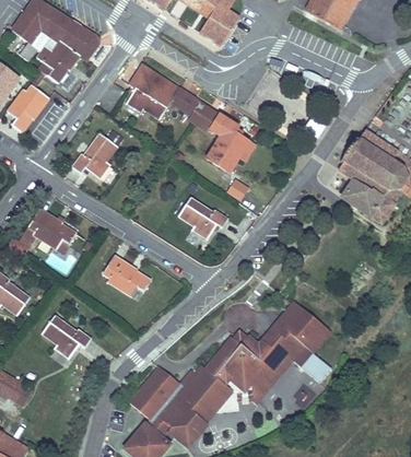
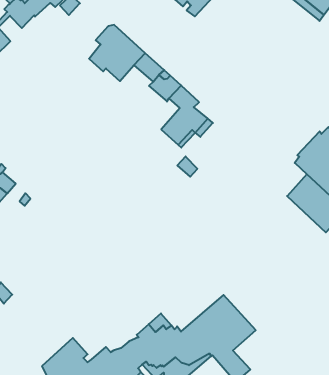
building: [72,132,118,177] -> none
building: [178,195,230,237] -> none
building: [103,255,151,296] -> none

